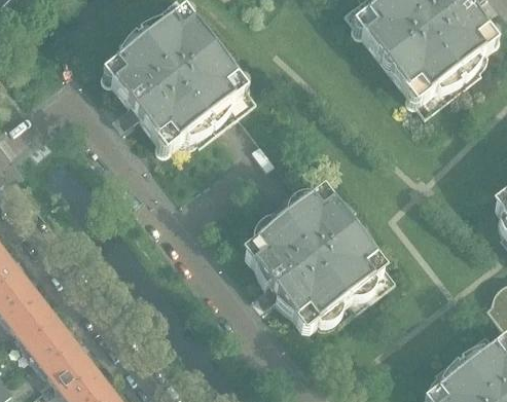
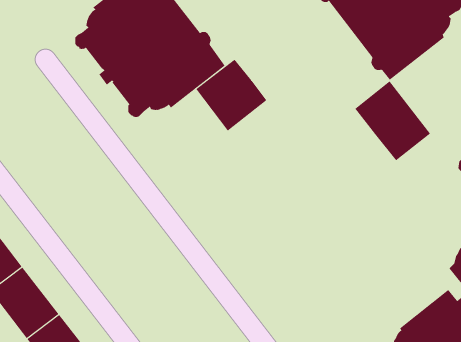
building: none -> [196,59,267,131]
building: none -> [355,80,431,161]
building: [246,177,397,330] -> none

